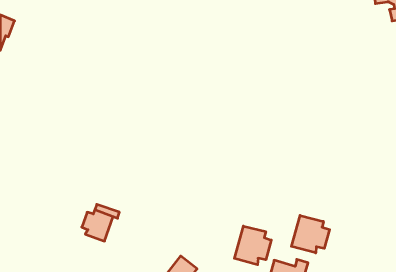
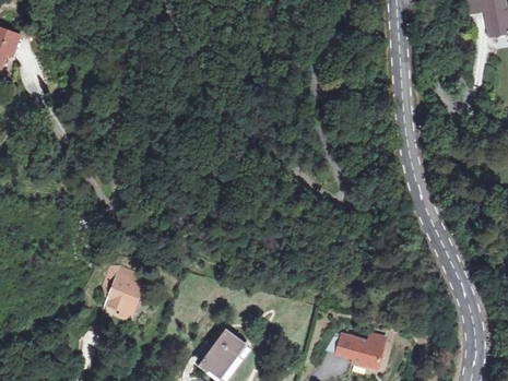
building: [291,215,330,253] -> none
building: [234,226,271,265] -> none

